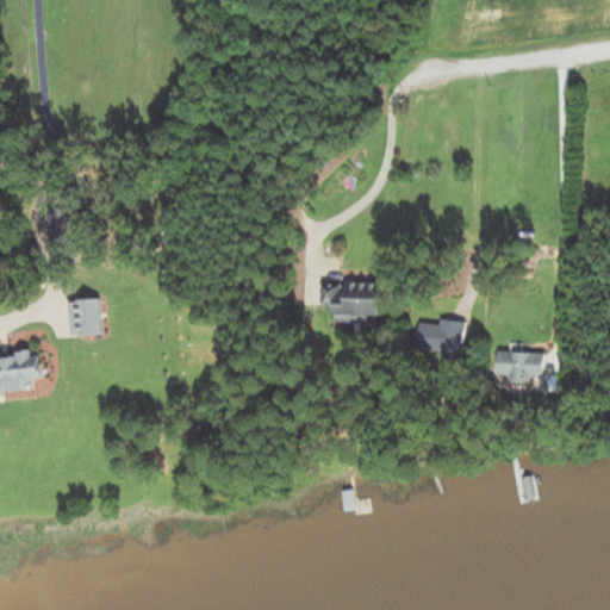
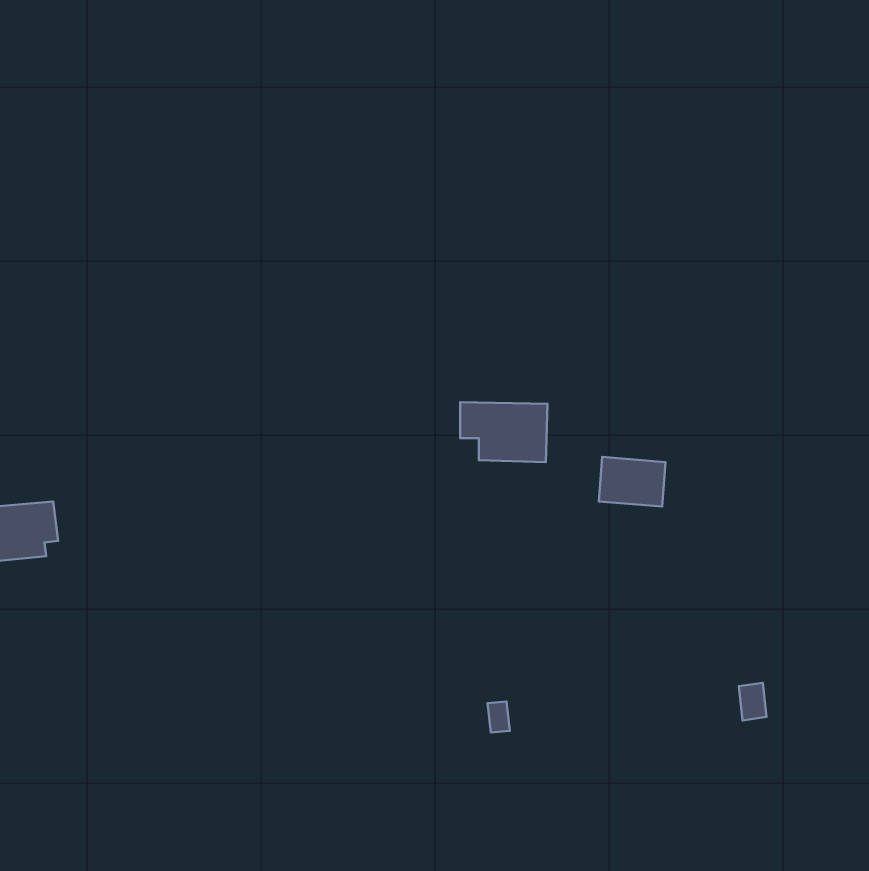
building: [69,299,99,335] -> none
building: [497,351,544,381] -> none

